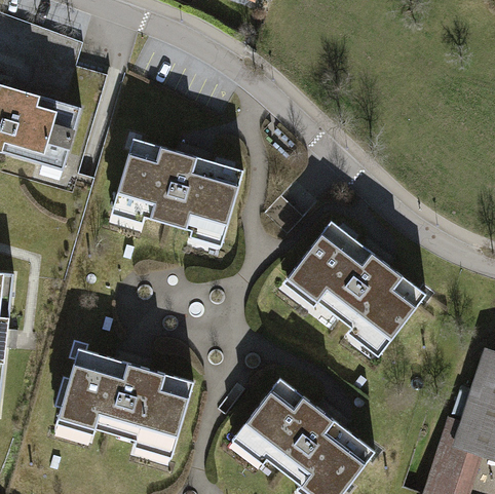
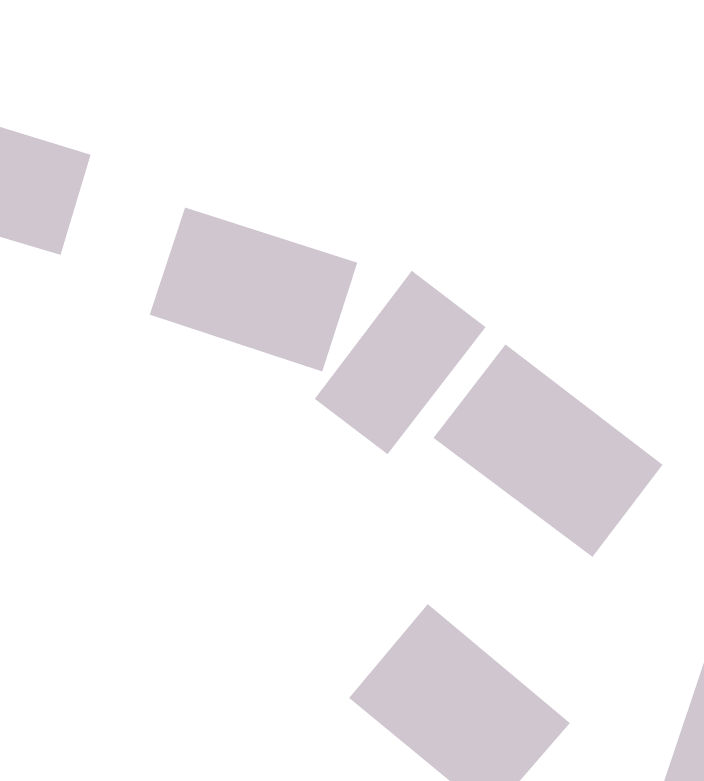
building: none -> [314,270,486,455]
building: [56,350,193,452] -> none

